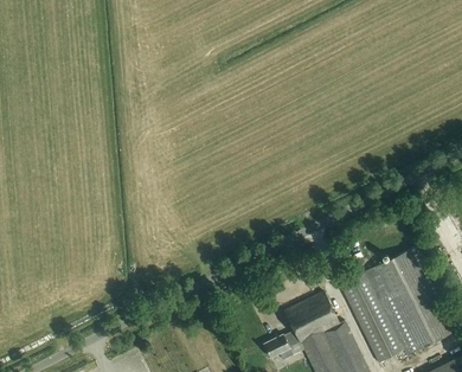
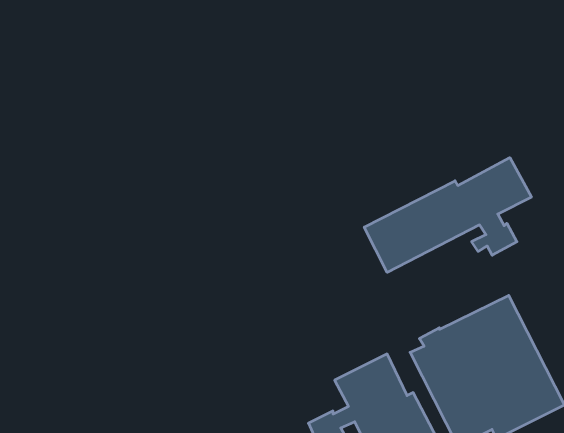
building: none -> [364,158,531,272]

